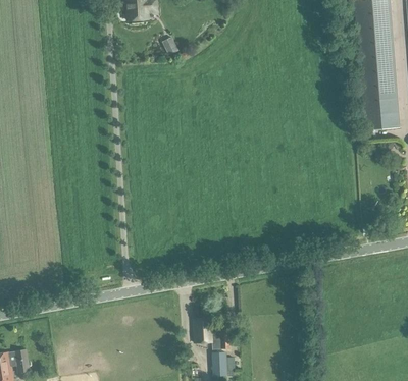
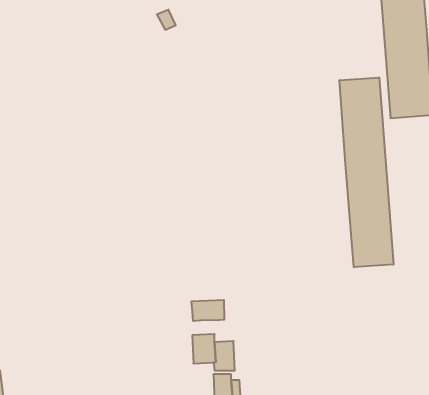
building: none -> [340,77,393,267]
building: none -> [192,300,224,321]

